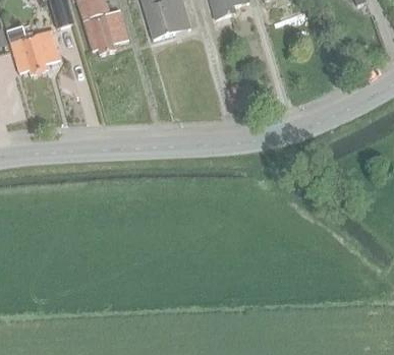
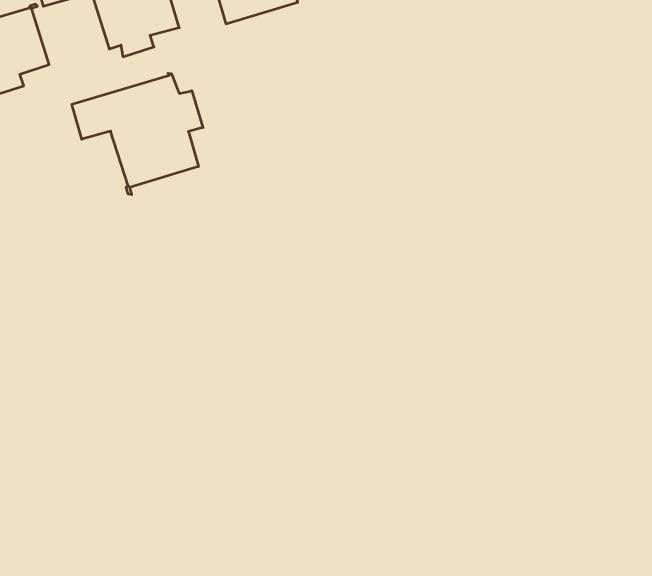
building: none -> [72,73,203,195]

